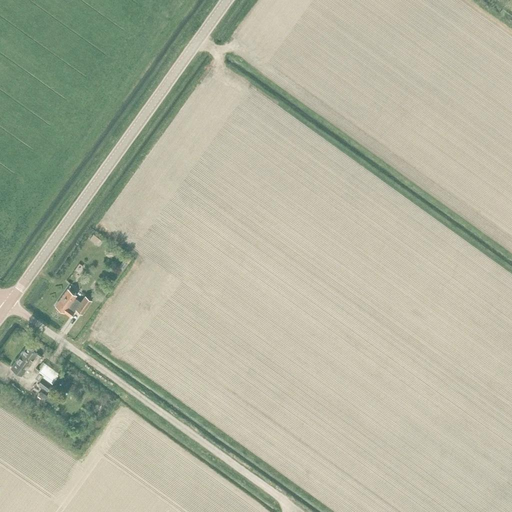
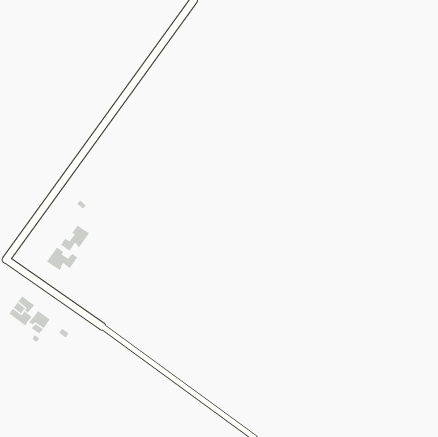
building: none -> [60,225,90,252]

